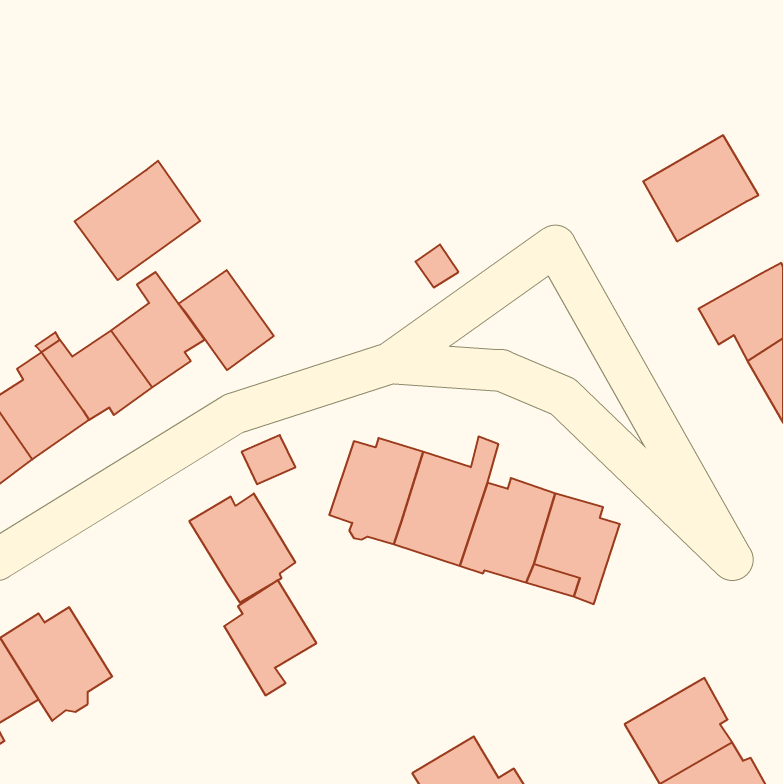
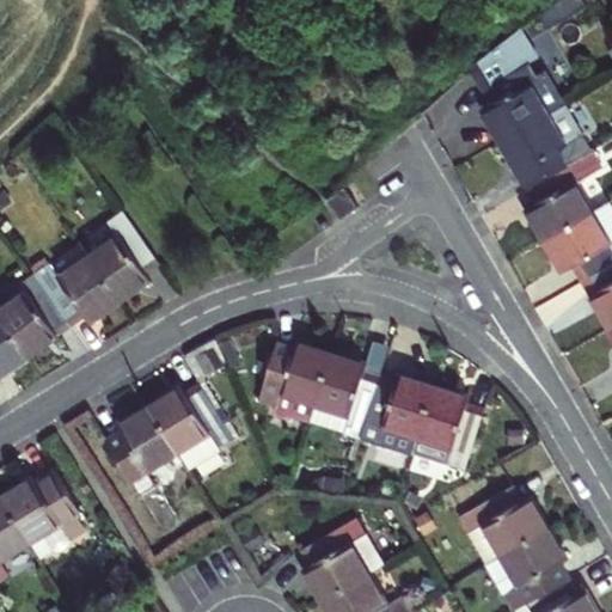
building: none -> [470,27,562,142]
building: [75,161,200,280] -> none
building: none -> [526,158,592,241]
building: [178,270,274,370] -> none
building: [224,580,316,695] -> [105,406,177,496]
building: none -> [458,485,547,564]
building: none -> [299,519,381,602]

